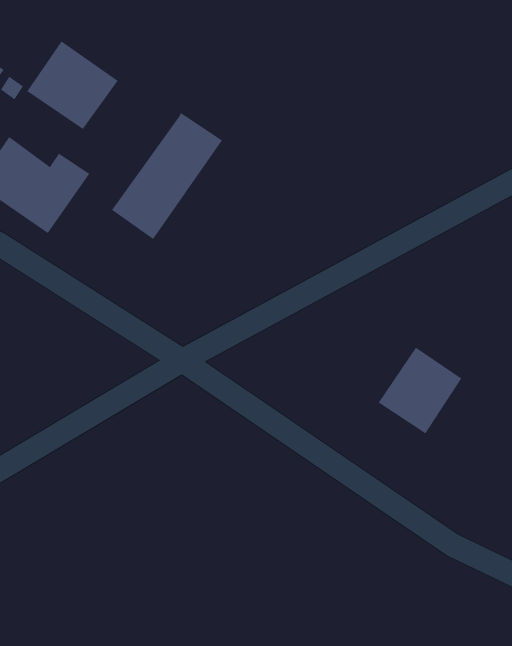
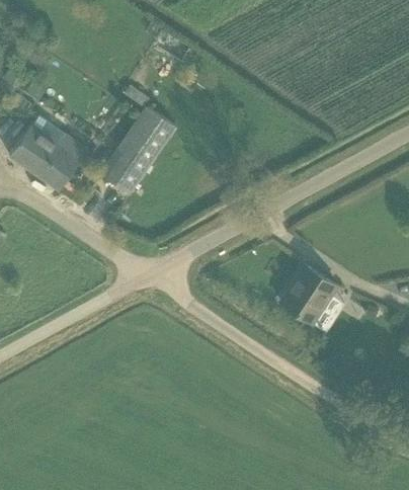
building: [27,40,119,130] -> none

